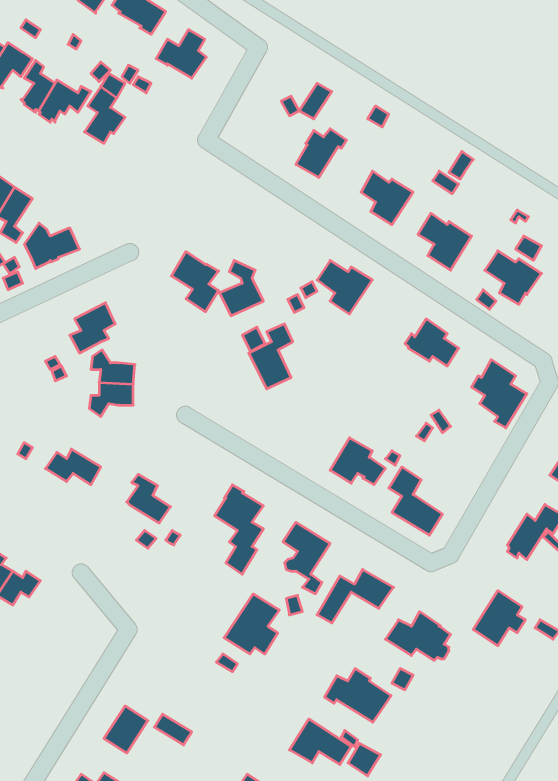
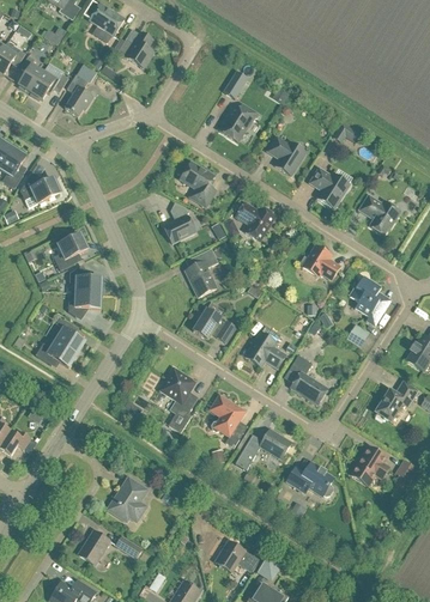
building: [171,252,219,312] -> [180,162,214,206]
building: none -> [193,309,235,342]
building: [127,474,171,523] -> [52,318,84,354]
building: [224,594,279,654] -> [107,478,147,522]
building: [325,669,391,722] -> none

